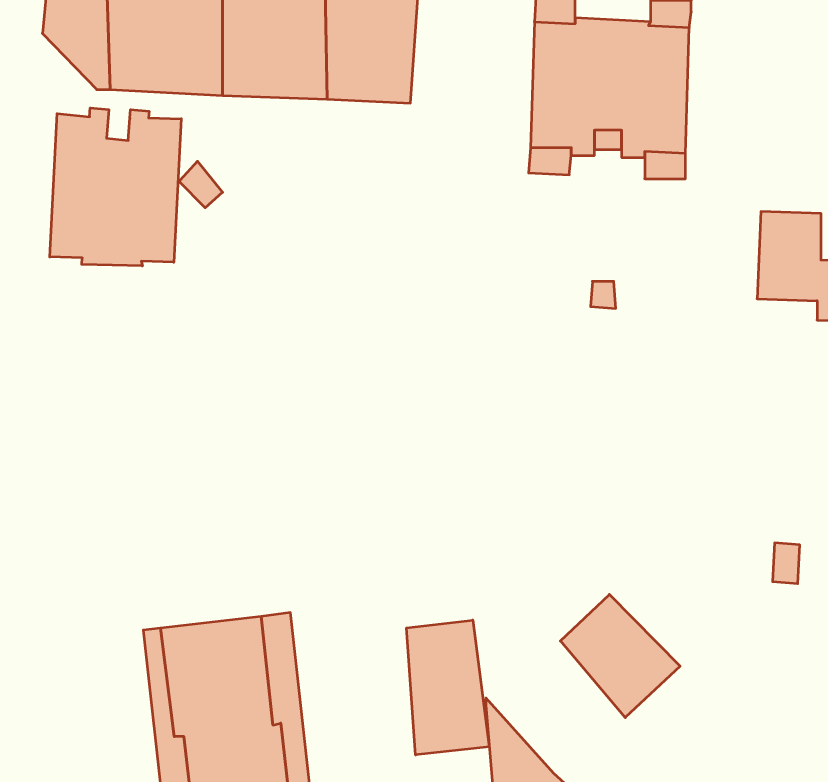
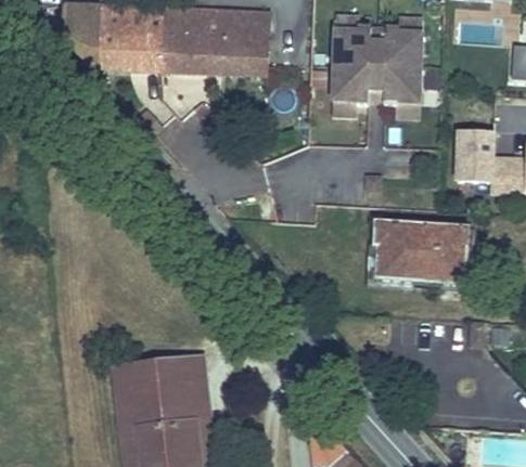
building: [50,108,181,266] -> none
building: none -> [372,218,469,280]
building: [560,594,680,718] -> none
building: [407,620,489,755] -> none

